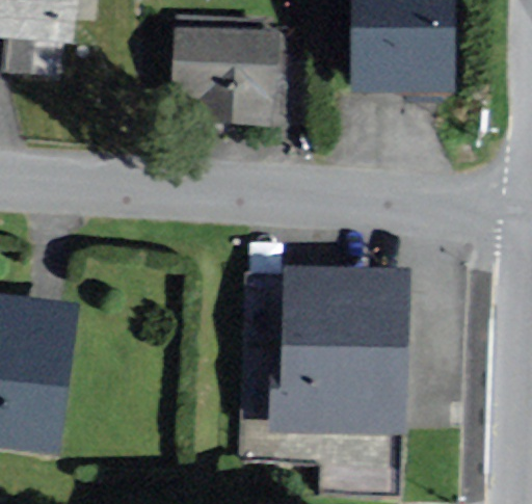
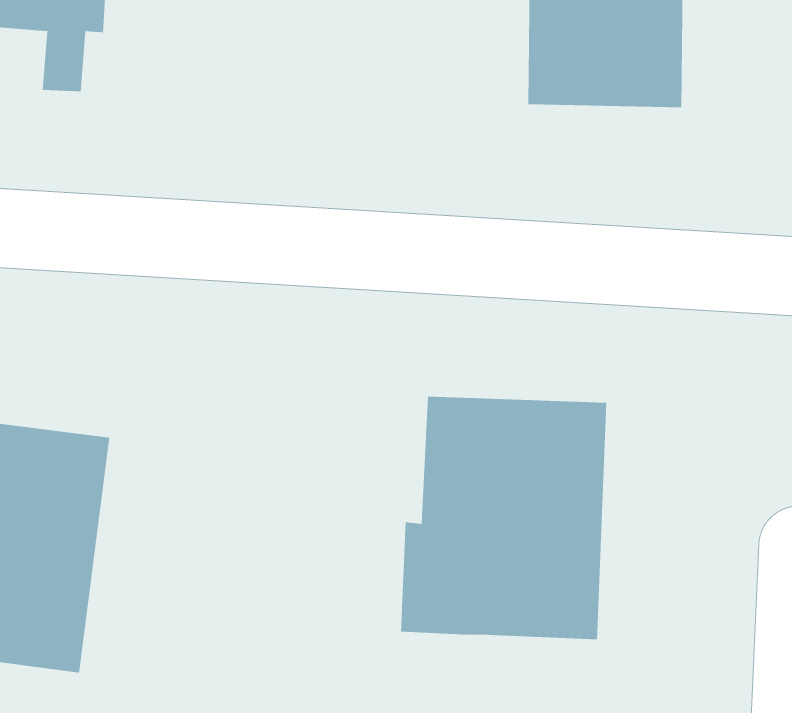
building: [174,26,270,121] -> none

